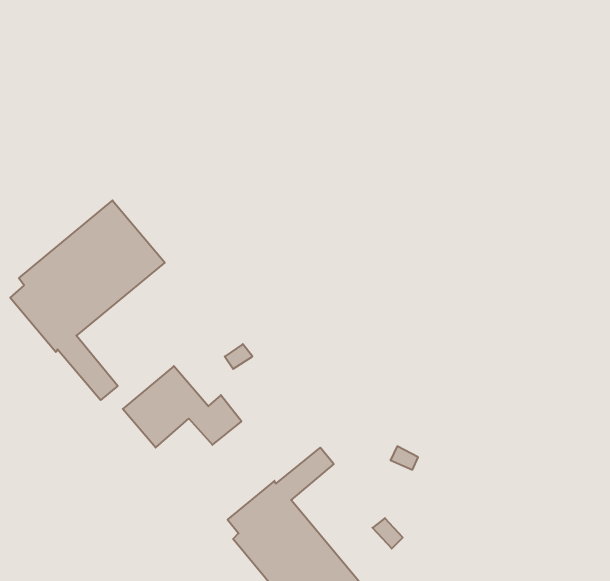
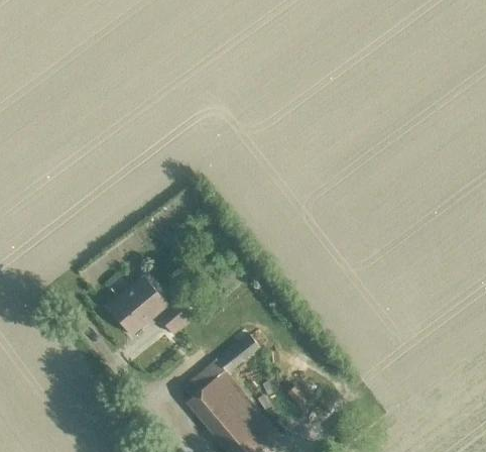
building: [10,200,165,400] -> none

